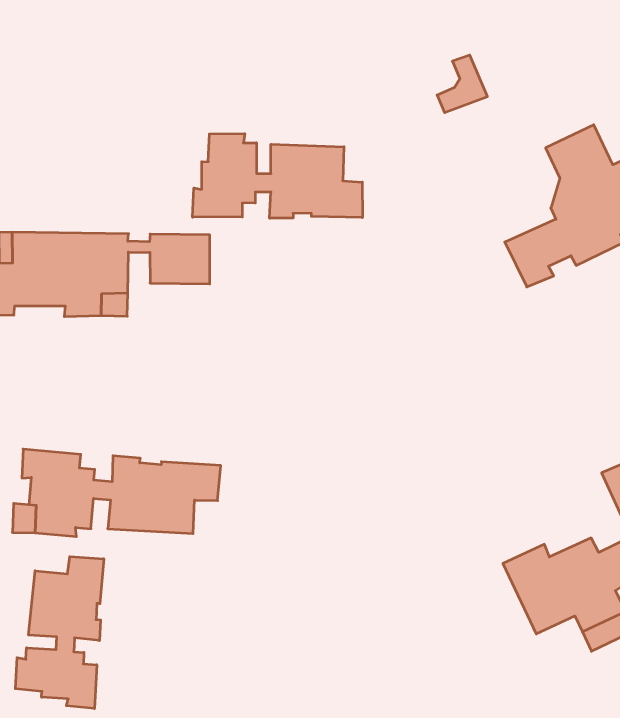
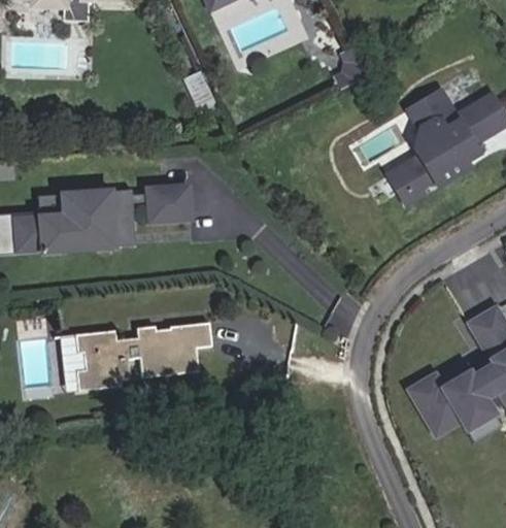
building: [193,134,362,218] -> none
building: [15,557,104,709] -> none

